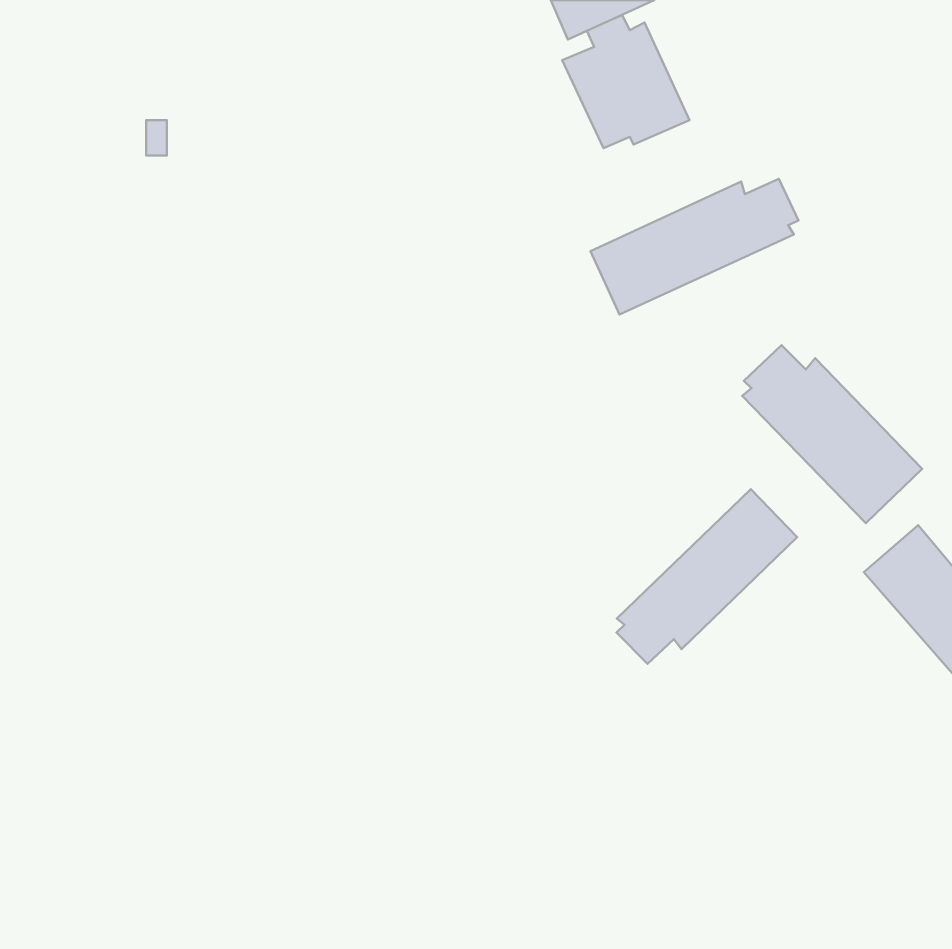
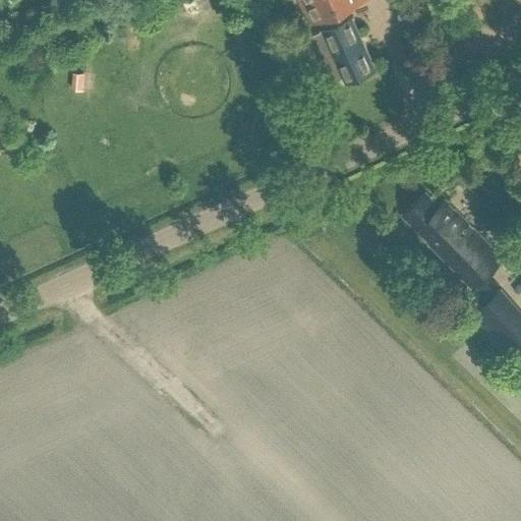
building: [590,179,799,314] -> none
building: [617,489,797,664] -> none

